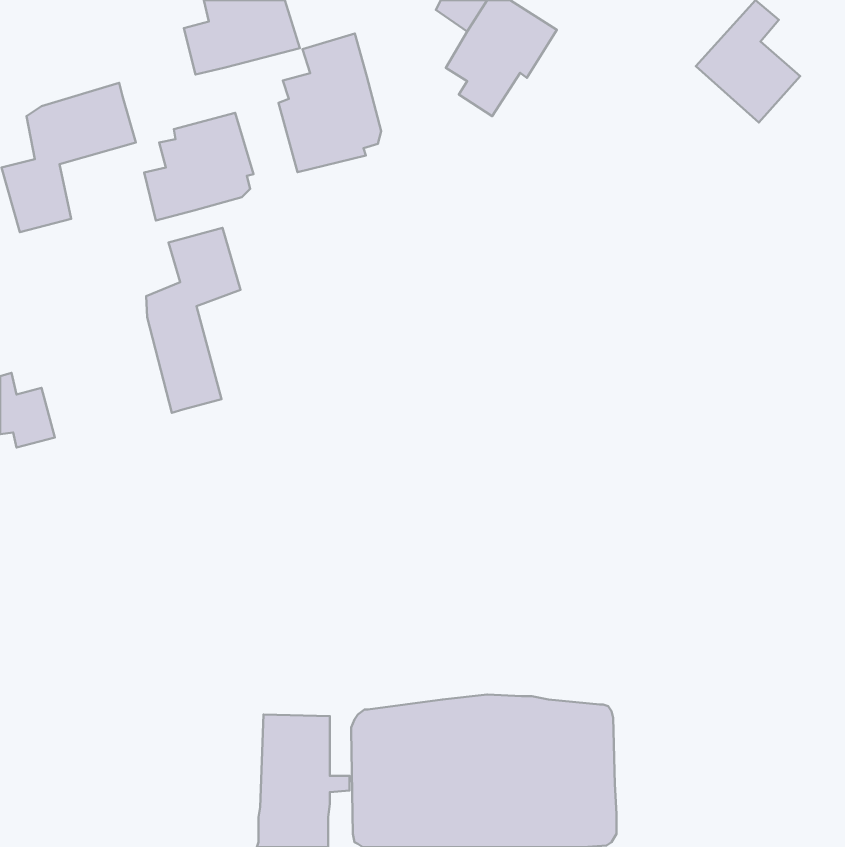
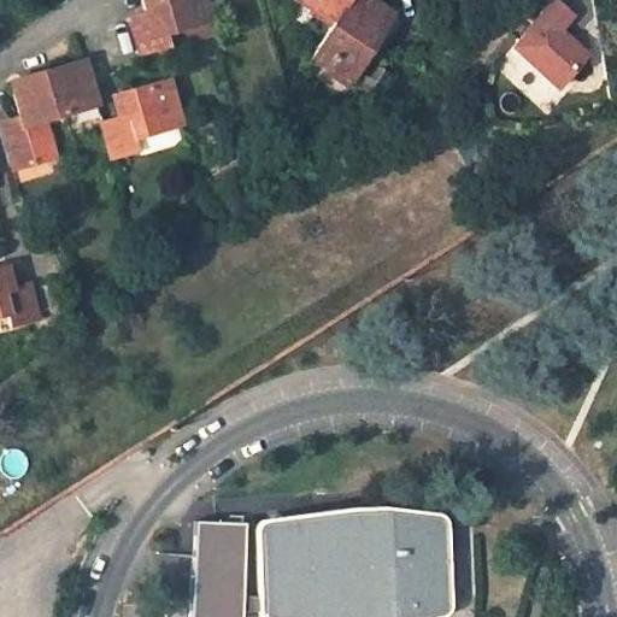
building: [279,34,381,172] -> none
building: [146,228,240,413] -> none

